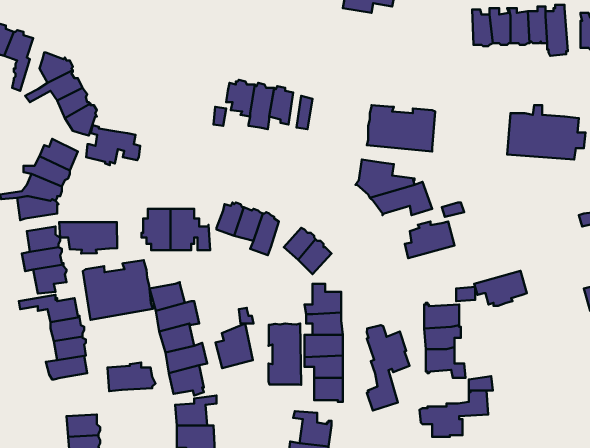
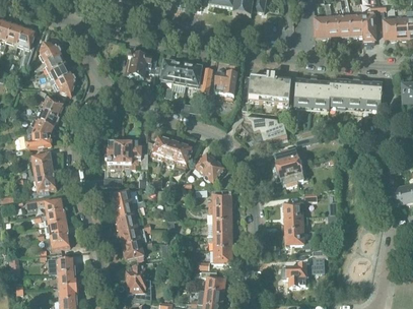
building: none -> [215,70,236,99]
building: none -> [294,73,339,108]
building: [86,125,140,165] -> [125,52,159,77]
building: [59,222,117,253] -> none
building: [83,260,153,320] -> none
building: [474,271,527,306] -> [274,164,307,186]
building: [269,323,301,385] -> none
building: [216,324,253,368] -> none
building: [367,325,409,410] -> none
building: [108,363,155,391] -> [48,255,78,273]

